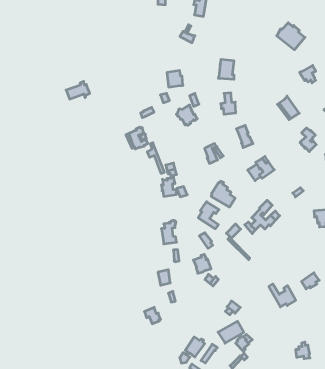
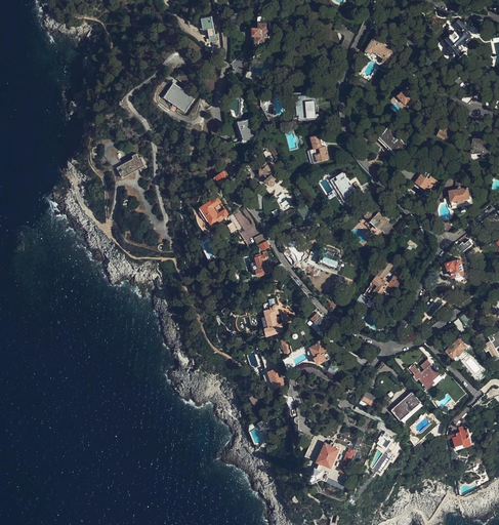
building: none -> [163,80,195,112]
building: [198,202,219,229] -> none
building: [218,321,244,343] -> [390,393,422,422]

